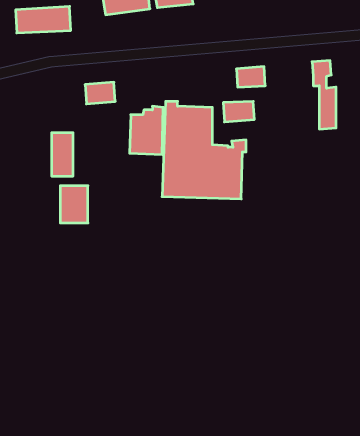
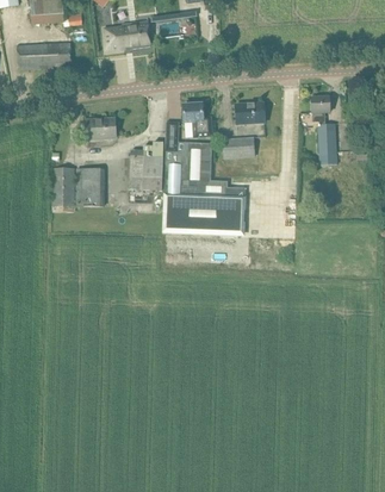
building: none -> [182,104,212,137]
building: [60,186,88,223] -> [76,169,104,206]

